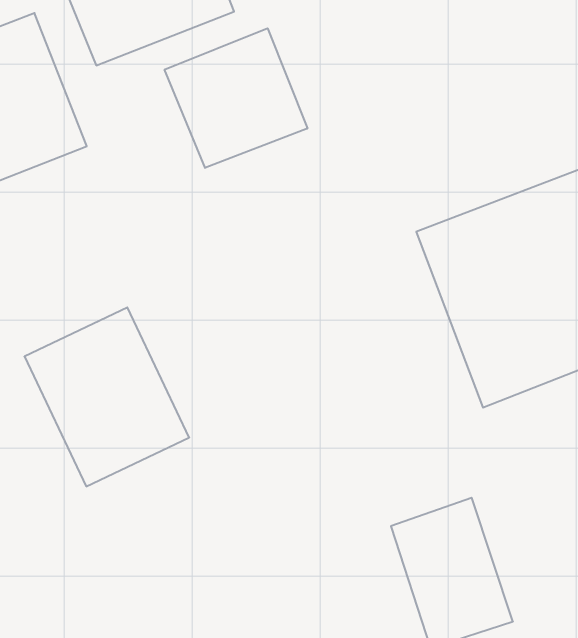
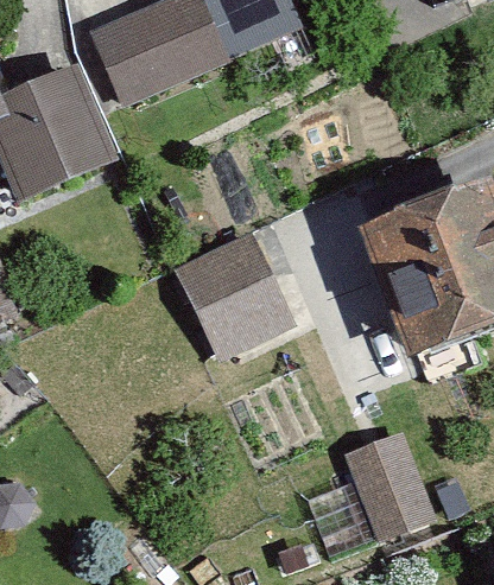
building: [165,28,307,168] -> none
building: [24,307,189,486] -> [176,228,299,362]

